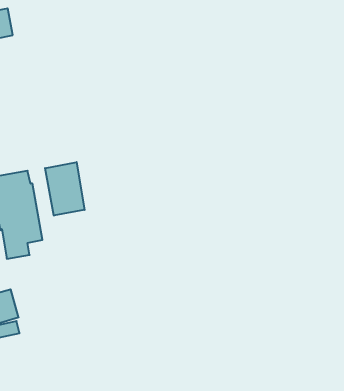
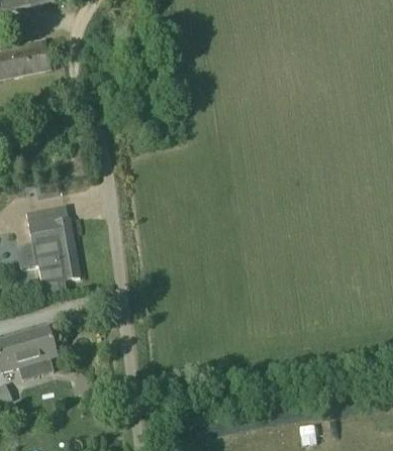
building: [45,162,85,216] -> none

